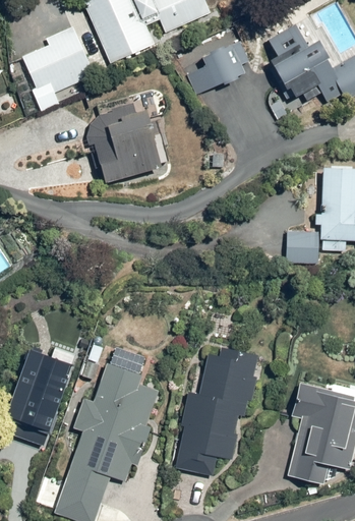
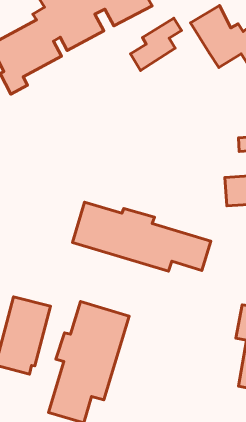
building: [85,100,167,182] -> none
building: none -> [73,202,211,271]
building: [175,344,261,477] -> none

